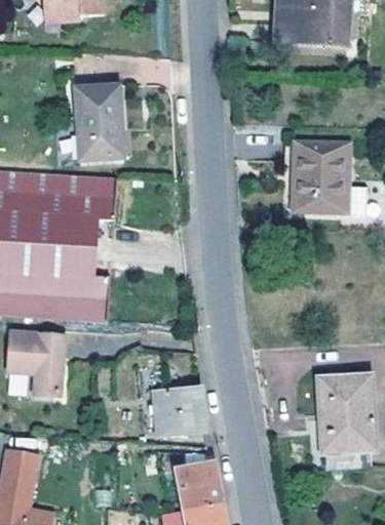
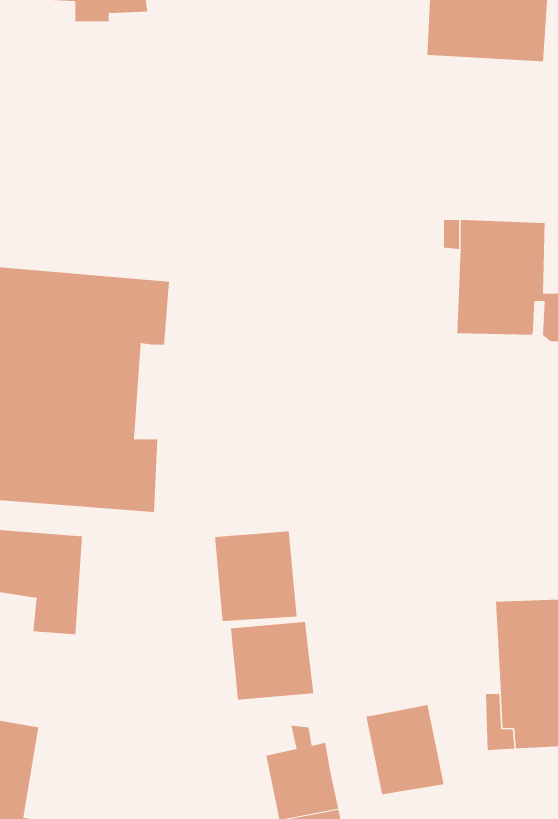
building: [75,84,123,160] -> none
building: none -> [215,530,297,622]
building: none -> [366,704,444,795]

